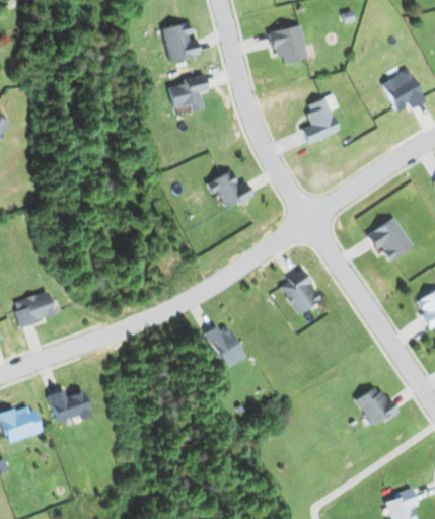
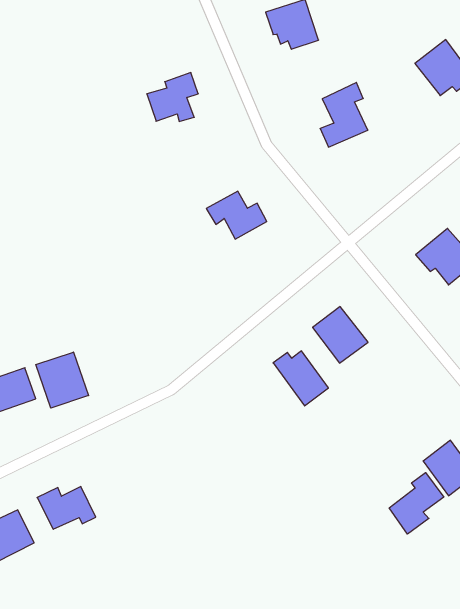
building: [161,22,199,61] -> none
building: none -> [36,352,89,408]
building: [204,325,245,369] -> [273,351,328,406]
building: none -> [389,473,444,534]

